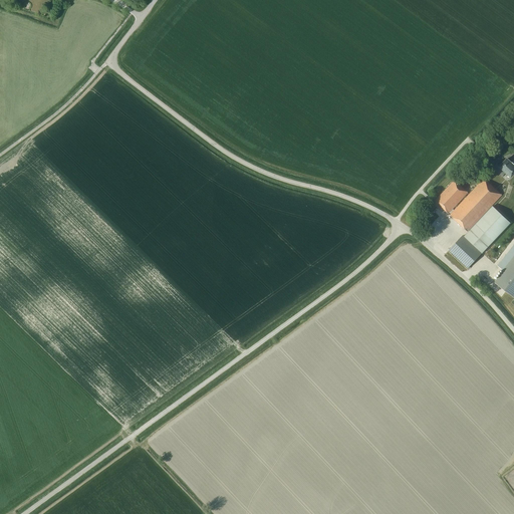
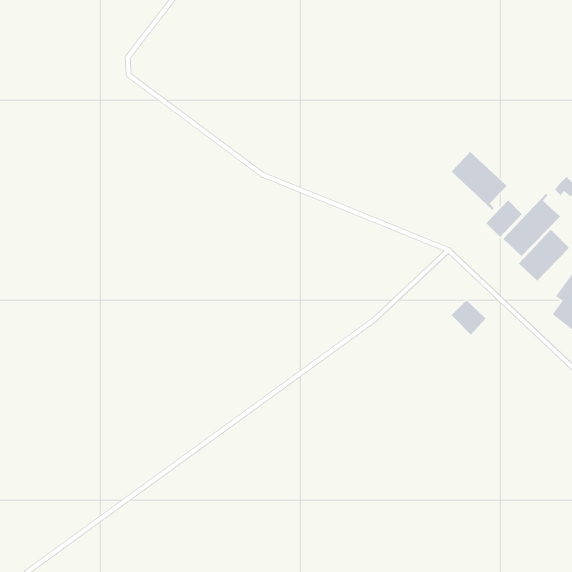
building: none -> [451,151,508,211]
building: [450,235,482,267] -> [451,299,487,335]

